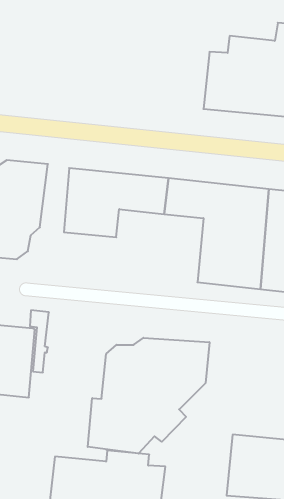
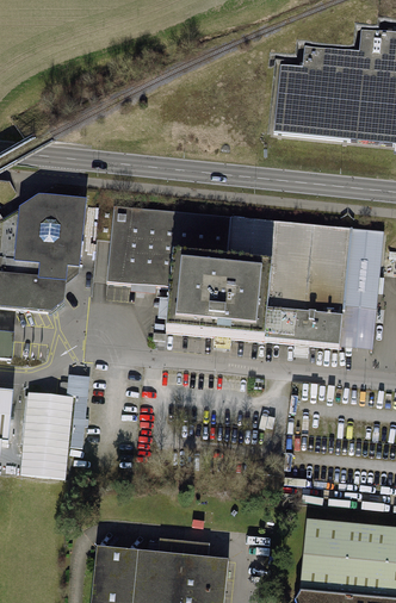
building: none -> [166,253,273,340]
building: [88,338,209,454] -> none

